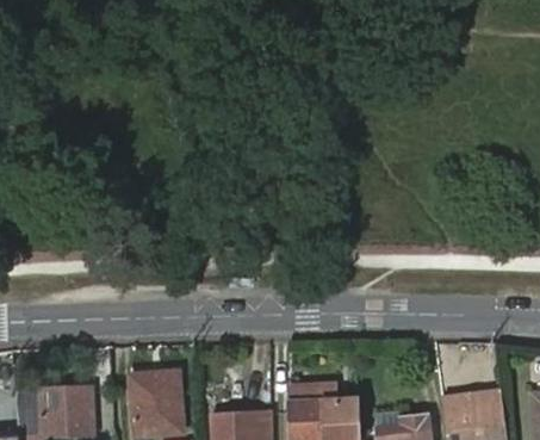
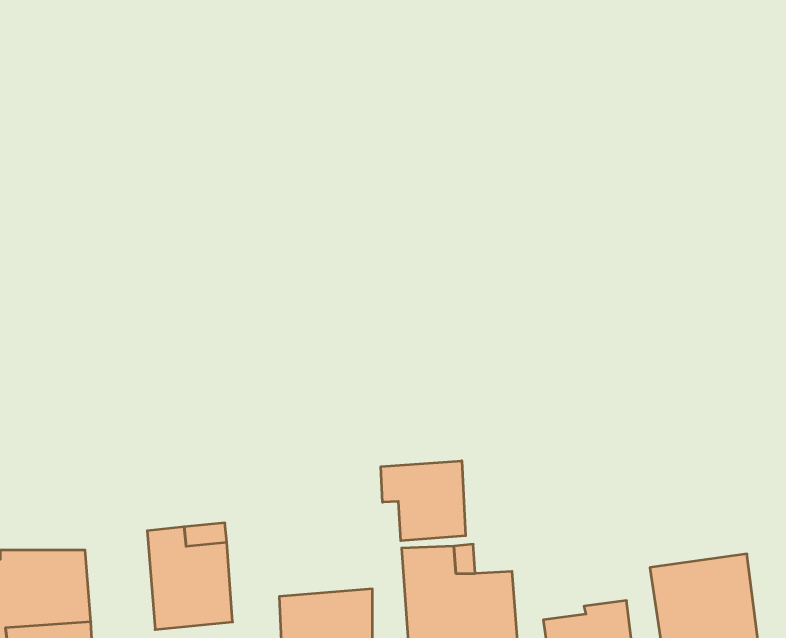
building: none -> [381,461,466,541]

